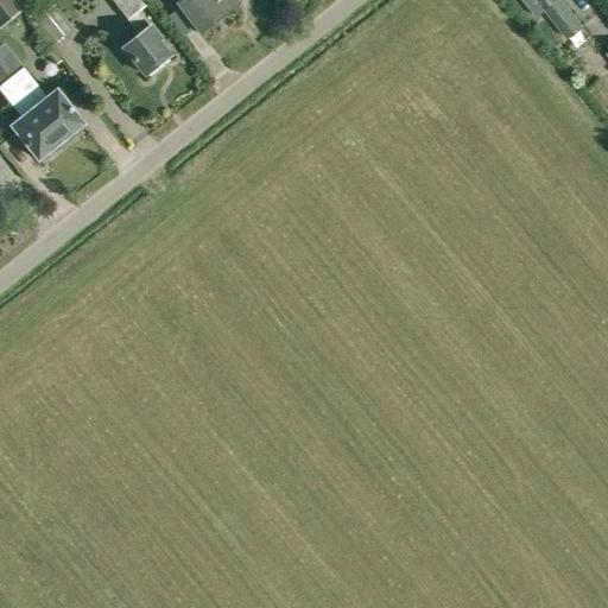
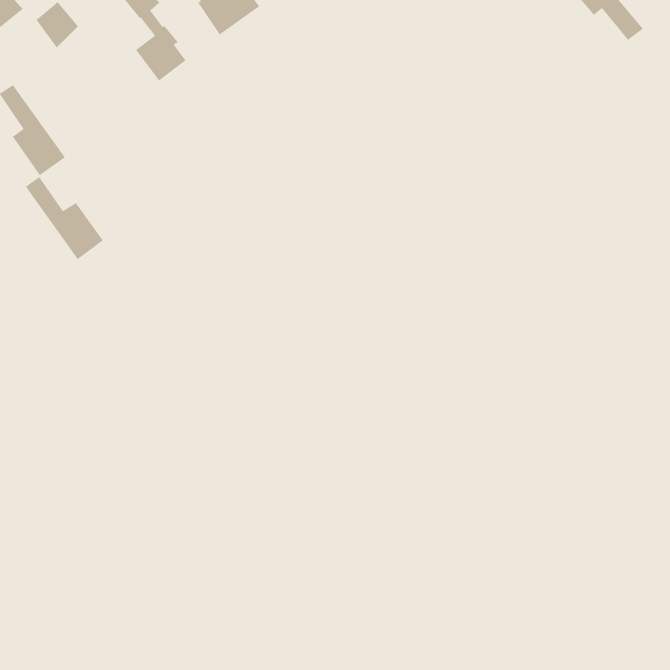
building: [12,66,83,142] -> [25,176,104,260]

